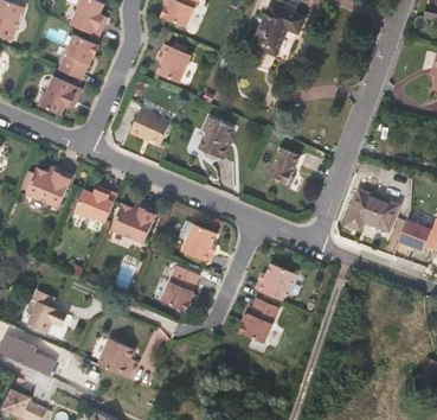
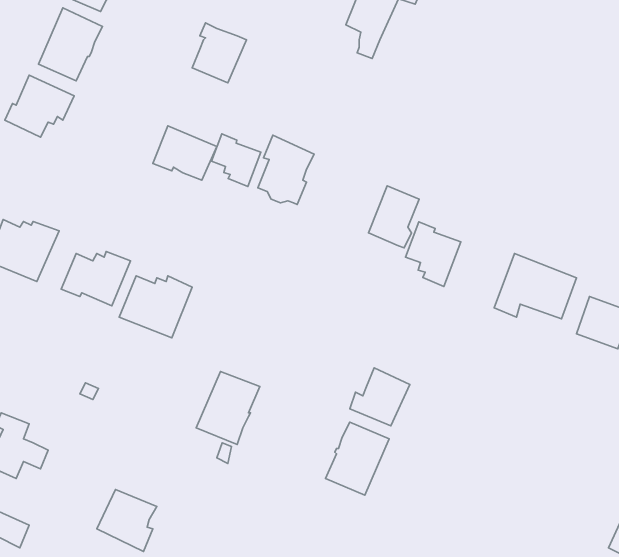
building: none -> [211,134,261,187]
building: none -> [405,222,461,286]
building: [181,222,216,261] -> none

